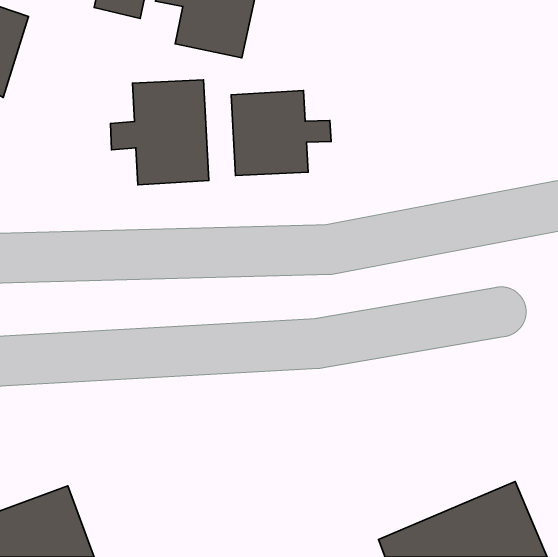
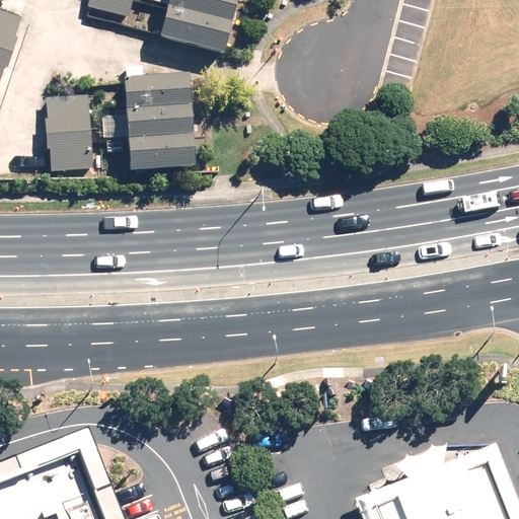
building: [231,91,331,176] -> none
building: none -> [47,95,92,174]

